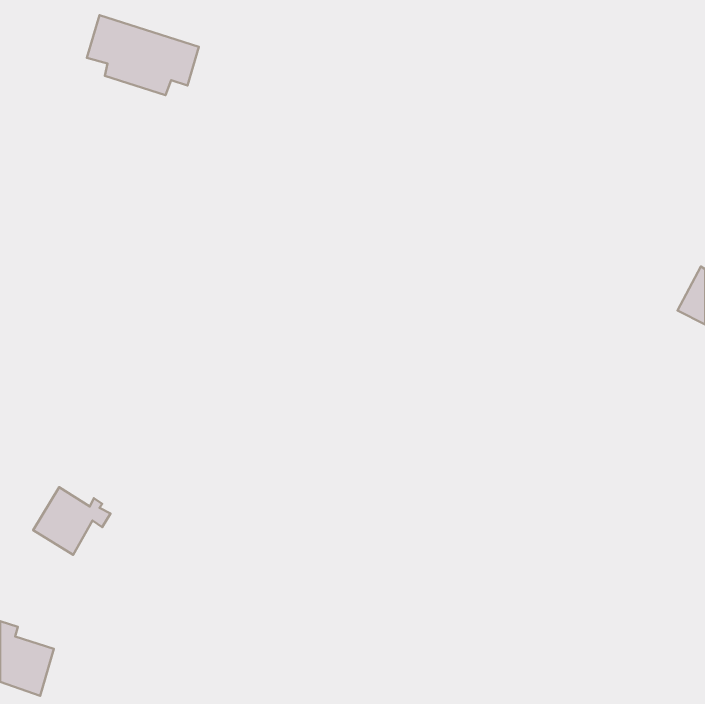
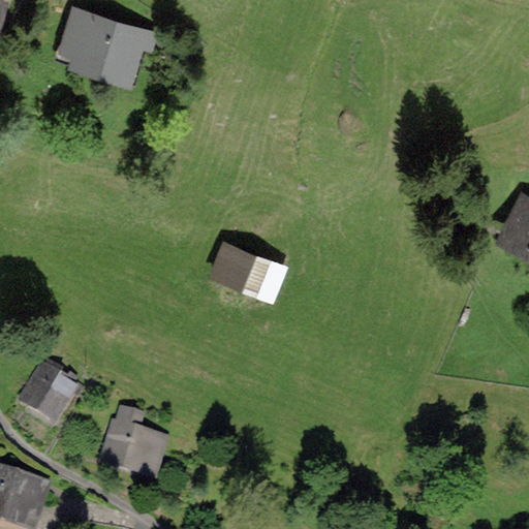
building: none -> [212,243,282,293]
building: none -> [107,416,161,471]

